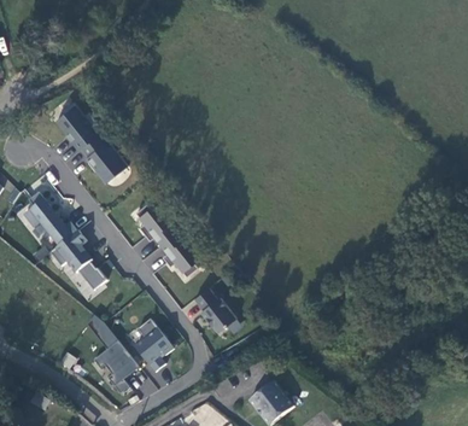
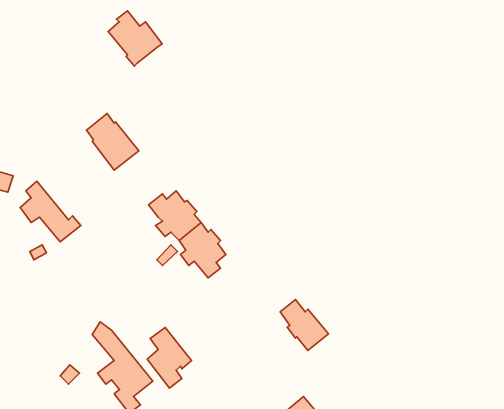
building: [57,100,104,148] -> [108,11,162,66]
building: [51,228,106,288] -> none
building: [195,287,238,332] -> [280,299,329,350]

